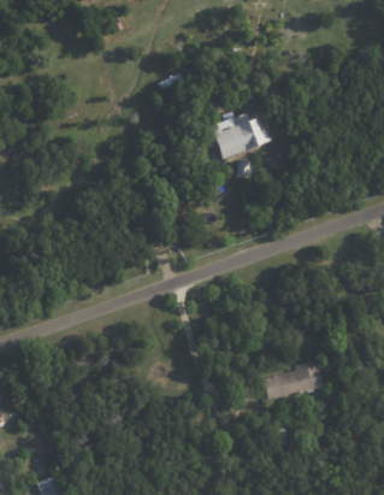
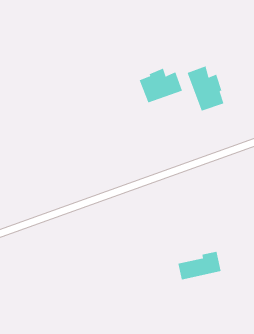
building: none -> [187,66,224,111]

